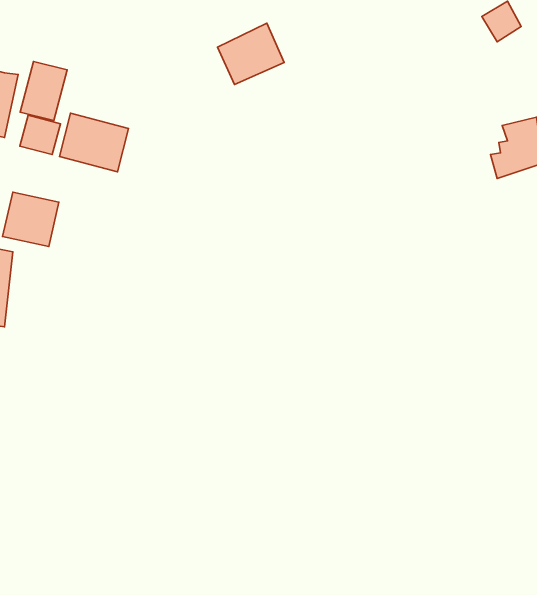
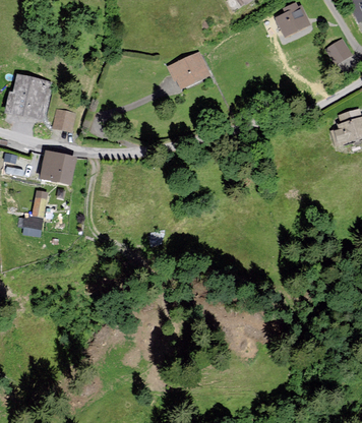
building: [20,61,67,121] -> none
building: [60,113,128,172] -> none

